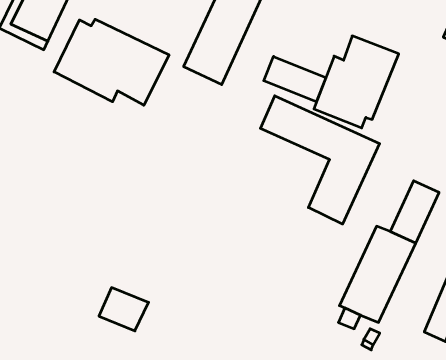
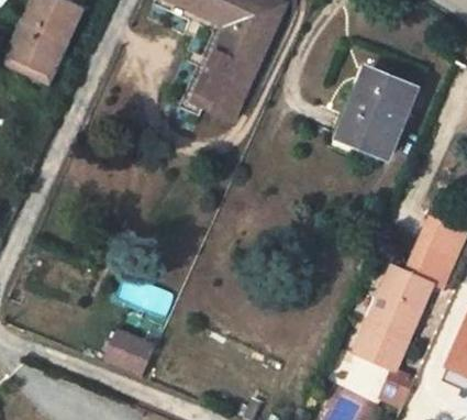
building: [54,19,169,105] -> none
building: [264,56,326,102] -> none
building: [260,96,380,224] -> none

